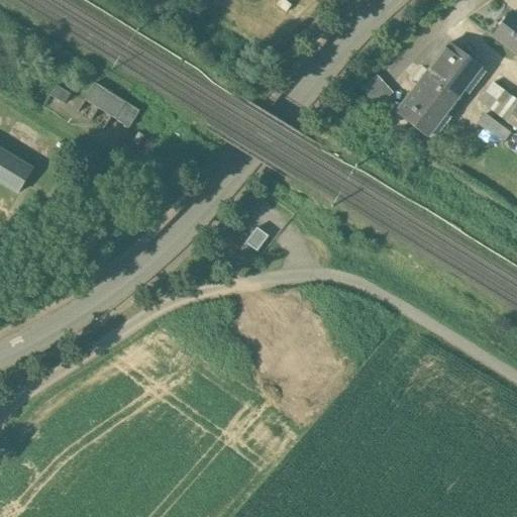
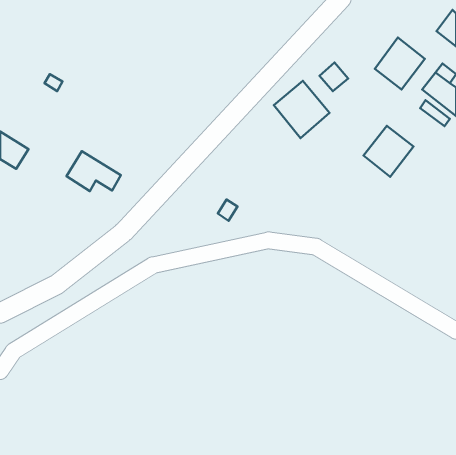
building: [398,78,454,135] -> [363,126,413,177]
building: [78,82,139,127] -> [66,151,121,191]
building: none -> [274,81,329,138]

